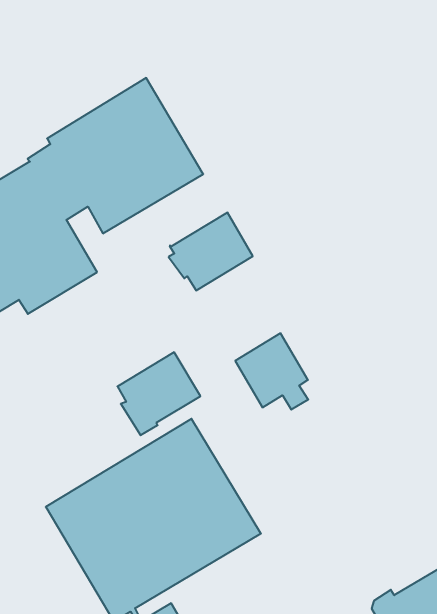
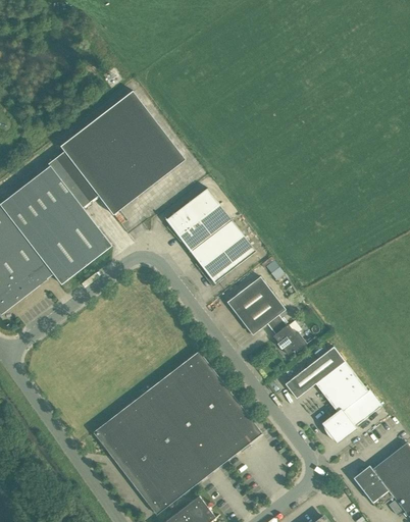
building: [117,352,200,435] -> [190,219,255,286]
building: none -> [272,324,314,355]
building: none -> [285,347,381,443]

